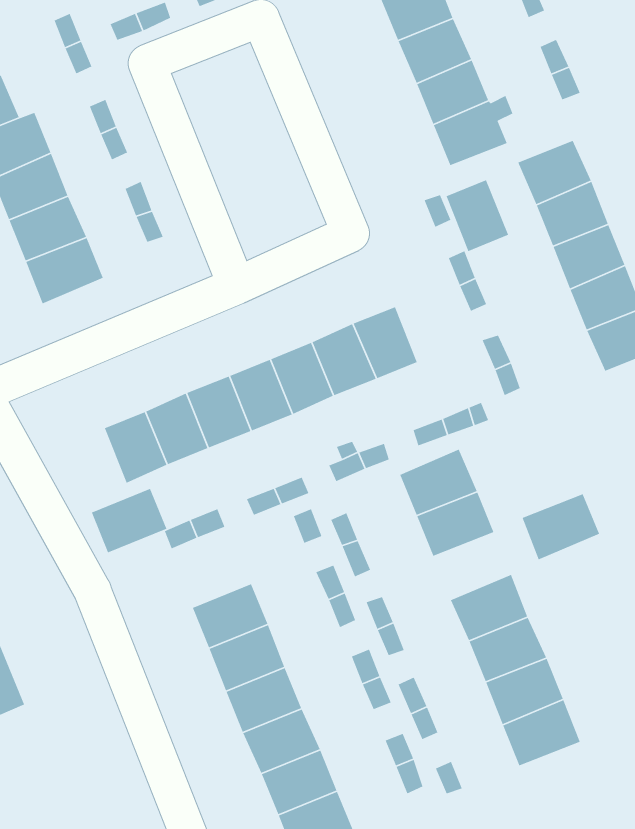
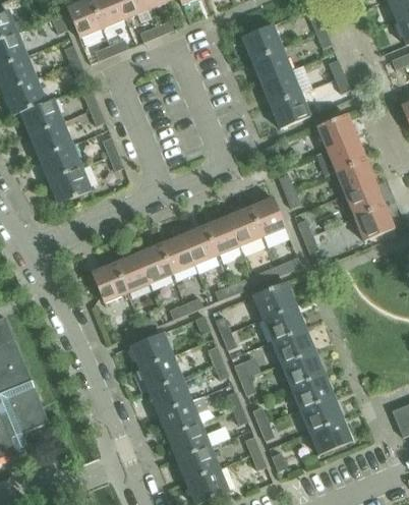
building: [445,179,509,252] -> [250,195,285,235]
building: [91,488,167,553] -> [130,333,172,369]
building: [521,493,600,560] -> [271,328,313,364]

